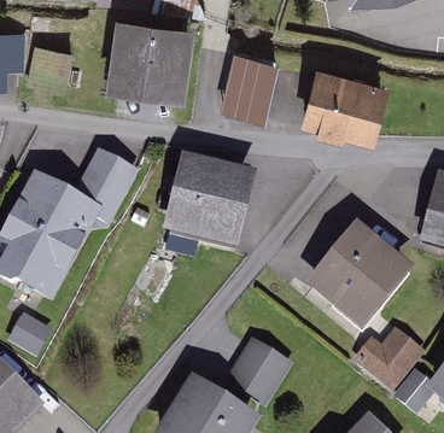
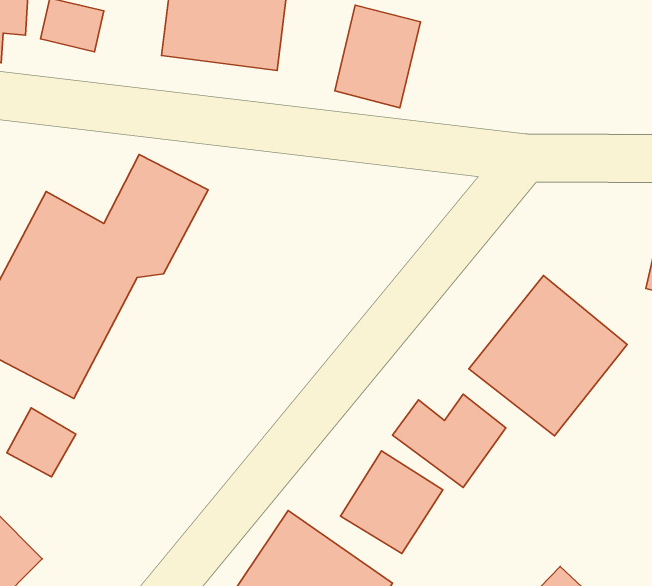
building: [290,70,375,139] -> none
building: [164,154,256,245] -> none
building: [346,334,420,394] -> [392,394,506,487]

